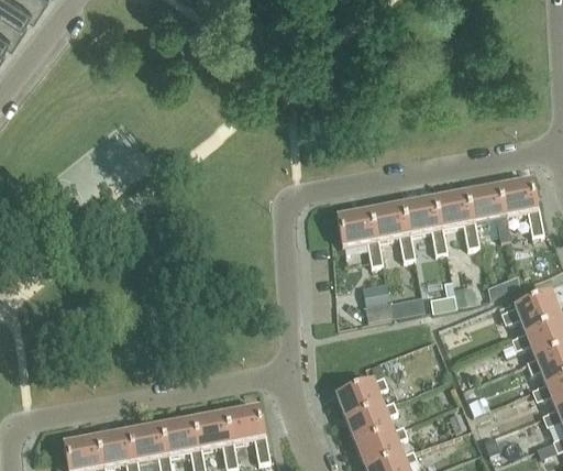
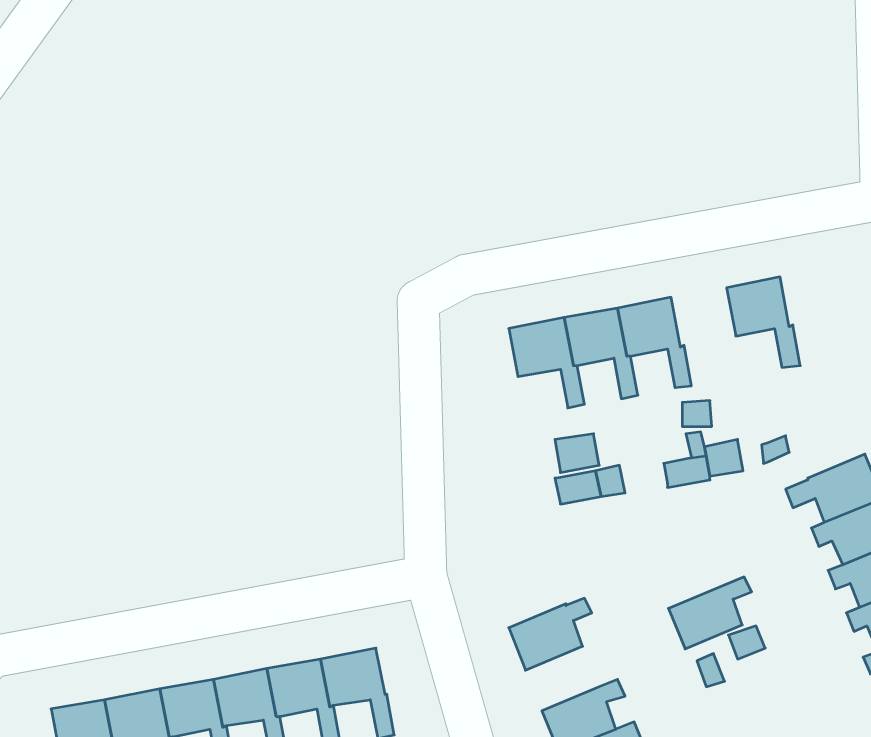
building: [498,179,542,233] -> none
building: [433,191,477,245] -> none
building: [346,401,396,443] -> [668,577,752,649]

